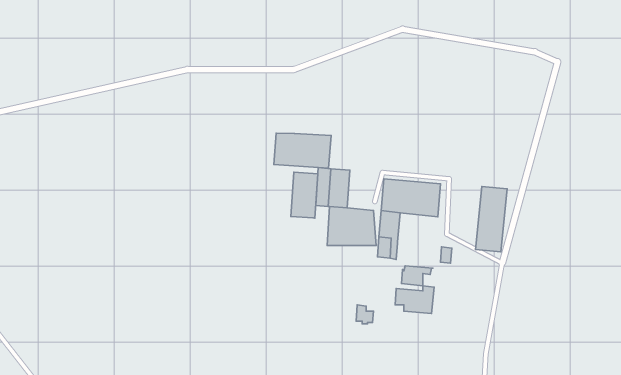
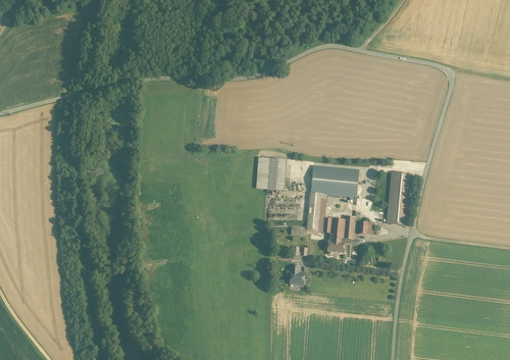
building: [274,133,331,168] -> none
building: [291,172,318,218] -> none
building: [395,286,434,314] -> [322,216,354,239]

